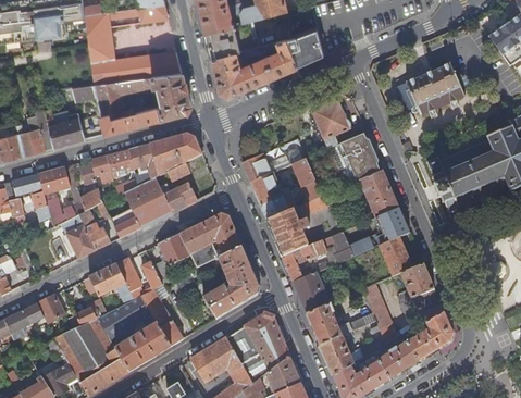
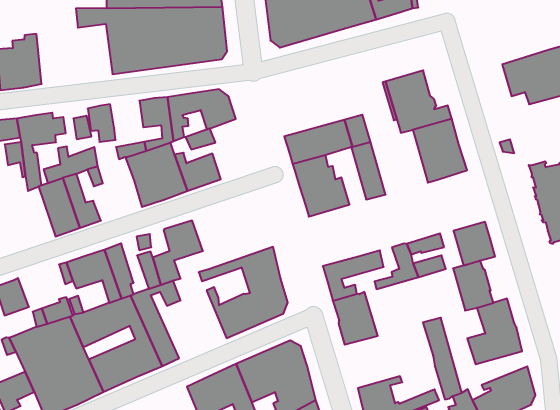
building: [46,112,85,147] -> none
building: [107,150,134,173] -> none
building: [360,171,399,217] -> none
building: [266,196,330,257] -> none
building: [111,210,140,239] -> none
building: [179,214,243,270] -> none
building: [306,303,375,345] -> none

